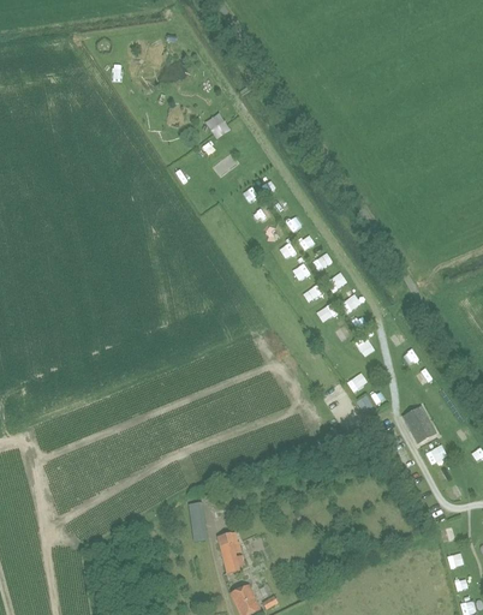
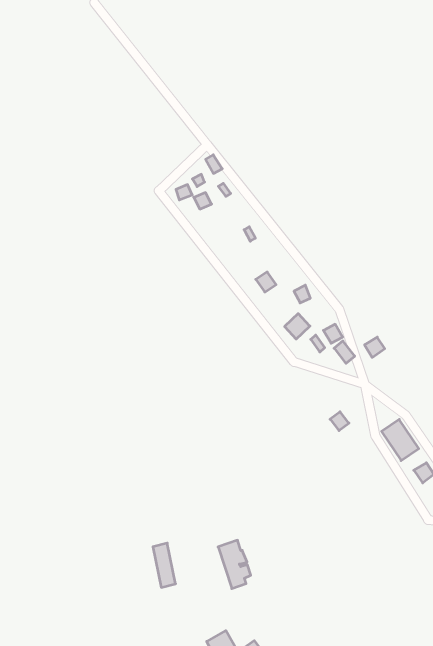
building: [217,531,245,574] -> [218,540,251,589]

